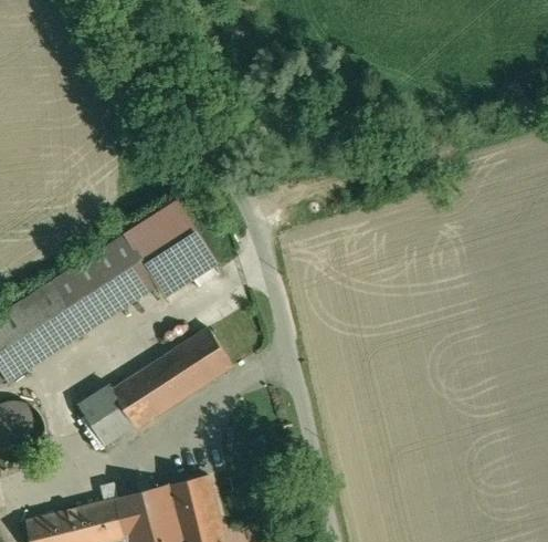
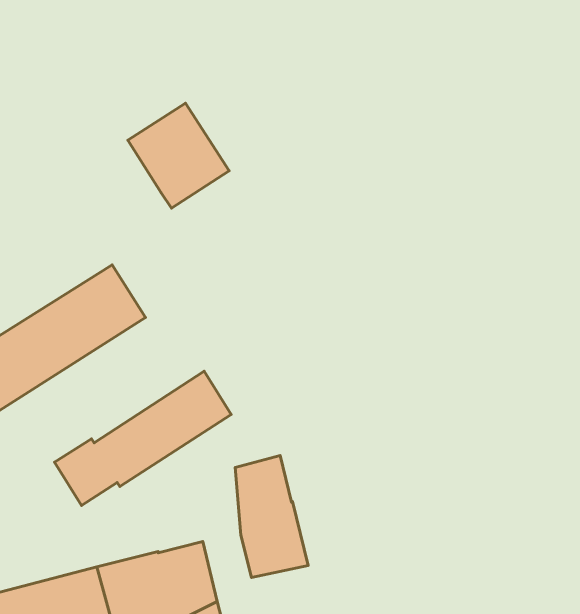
building: [128,205,215,295] -> [128,103,229,208]
building: none -> [235,455,308,578]

